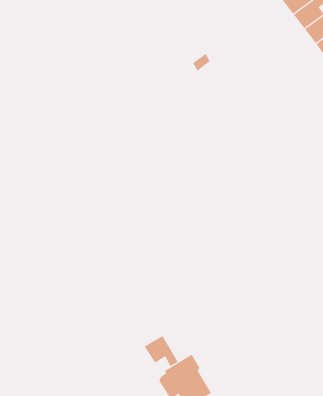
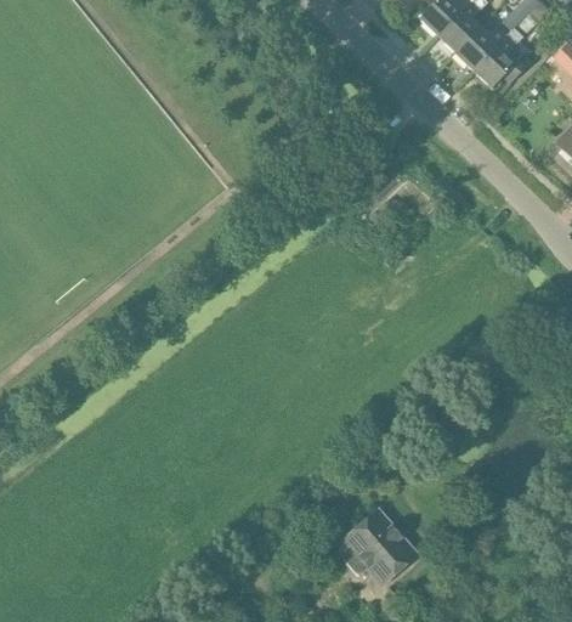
building: [144,335,179,367] -> none

